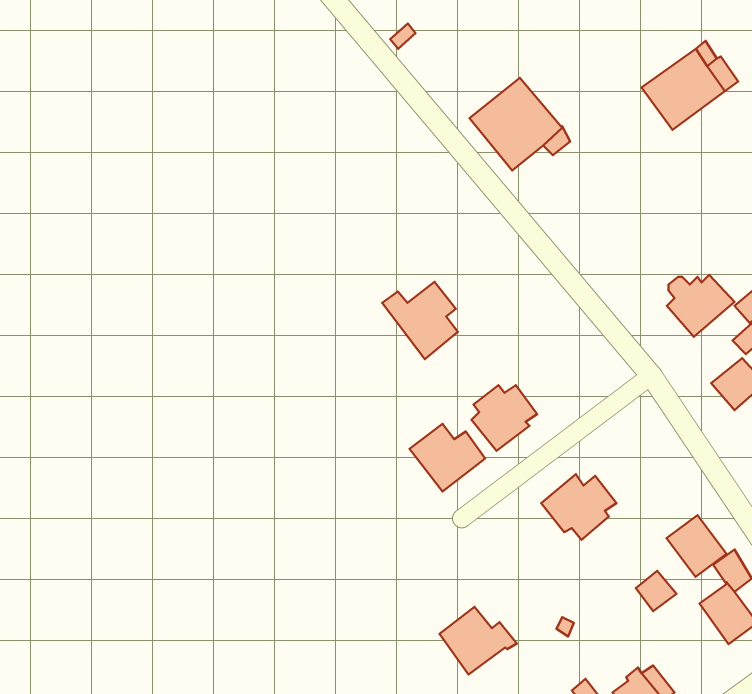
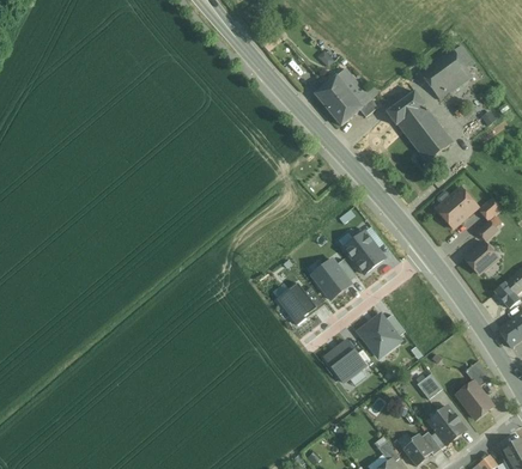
building: none -> [386,91,453,163]
building: [382,282,458,359] -> [338,226,384,274]
building: [667,515,726,577] -> [427,406,465,444]
building: [440,607,517,674] -> [324,340,372,382]

